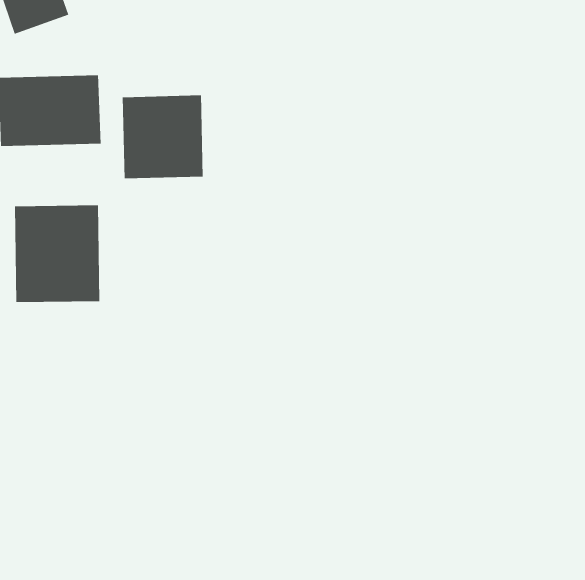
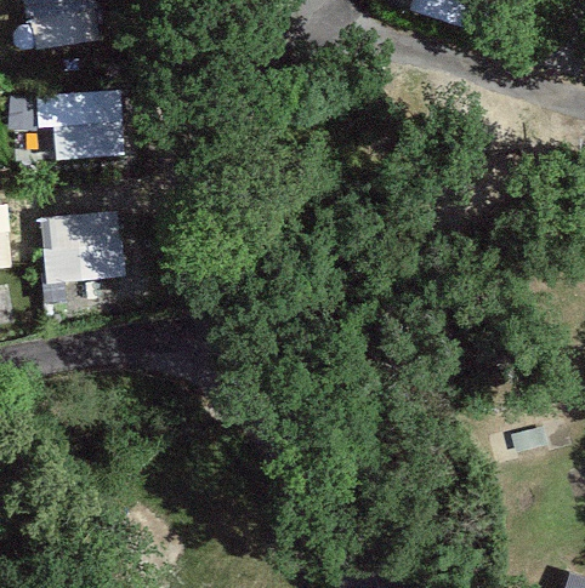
building: [122,95,203,179] -> none

